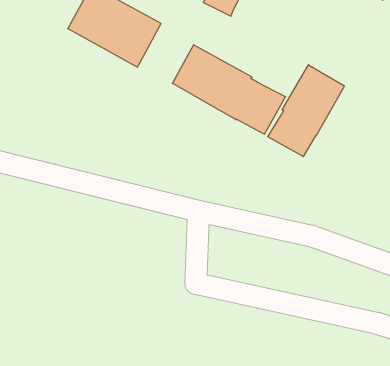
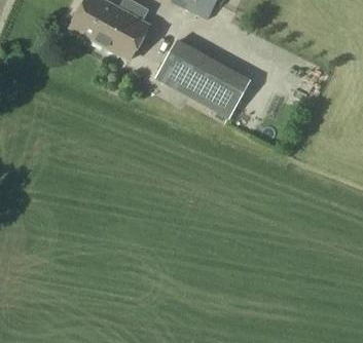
building: [268,65,344,157] -> none

